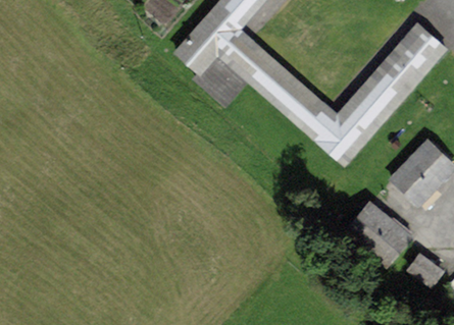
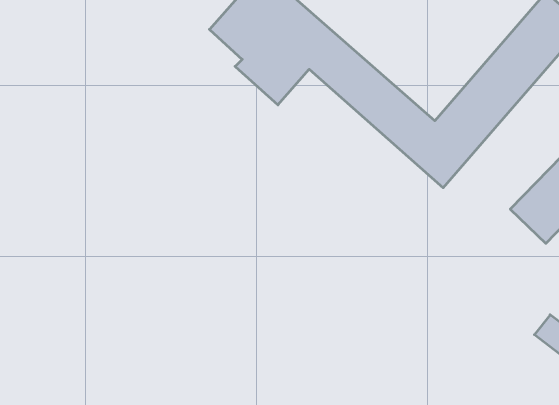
building: [346,203,409,264] -> none

